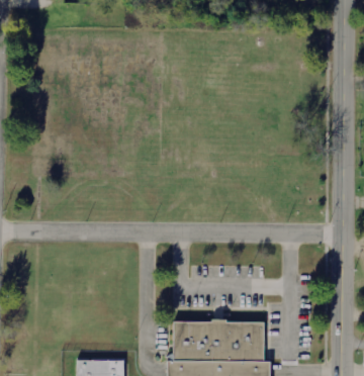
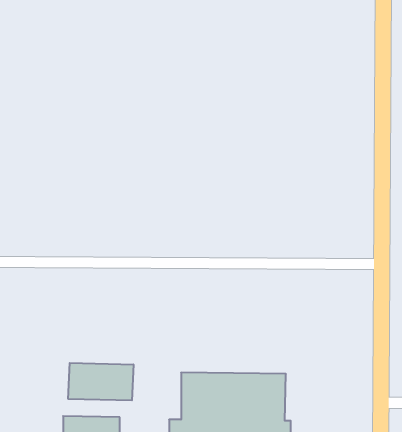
building: none -> [68,363,133,400]

